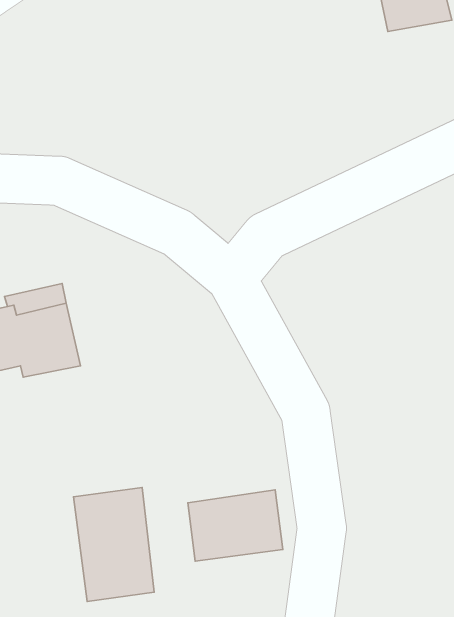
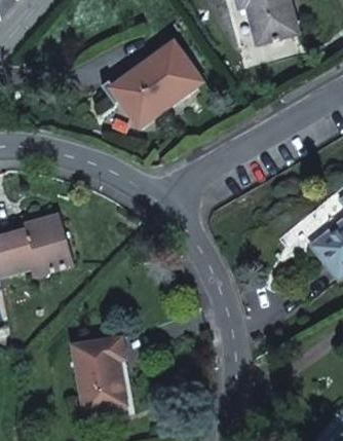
building: none -> [110,44,199,126]
building: [188,490,283,561] -> none

